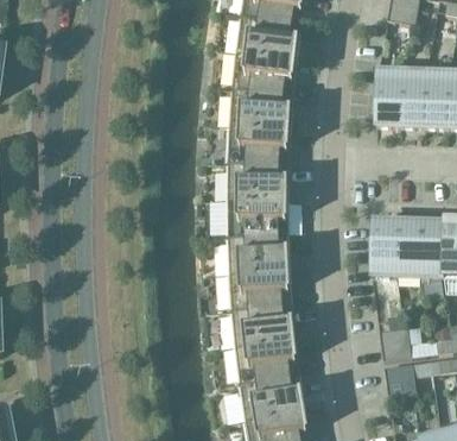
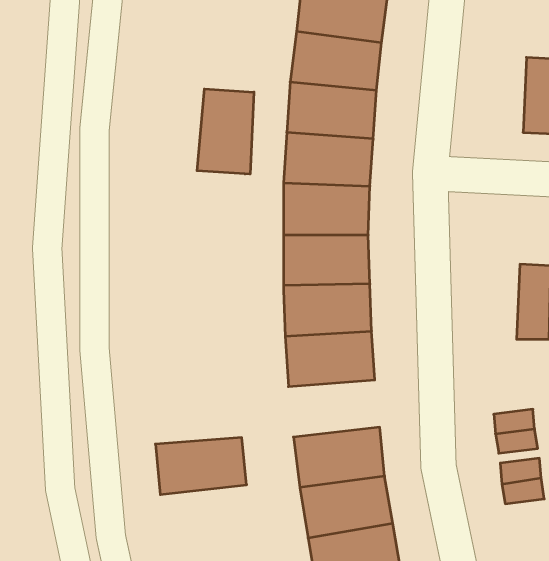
building: [375,67,402,121] -> none
building: none -> [197,89,254,174]
building: [370,216,398,272] -> none
building: [229,302,296,344] -> [155,438,247,495]

